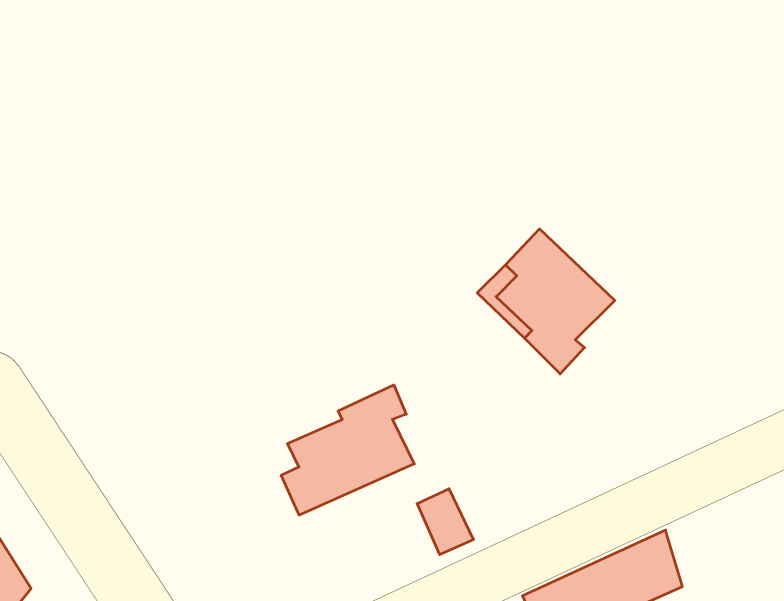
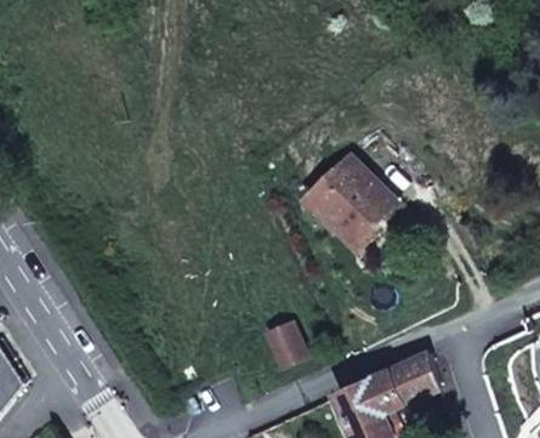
building: [281,385,414,515] -> none

